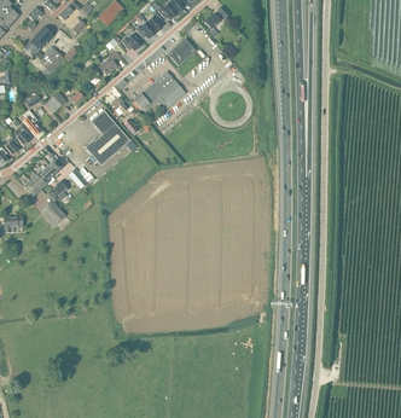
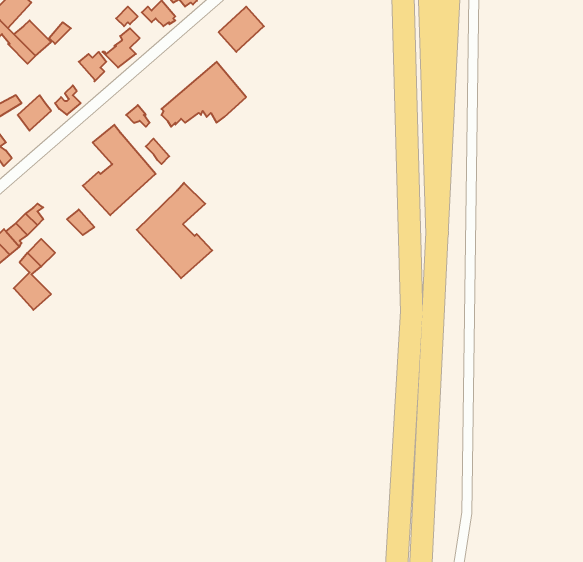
building: none -> [137,183,212,278]

